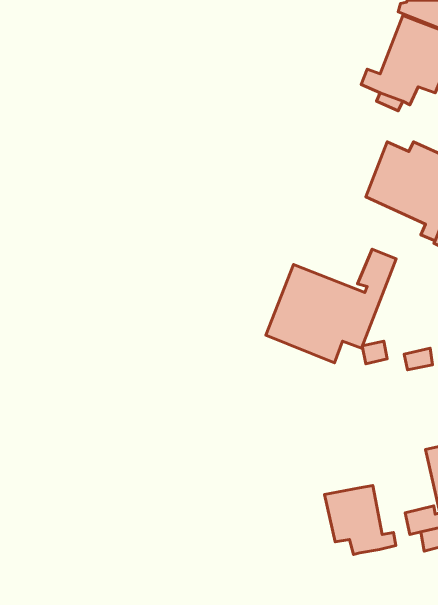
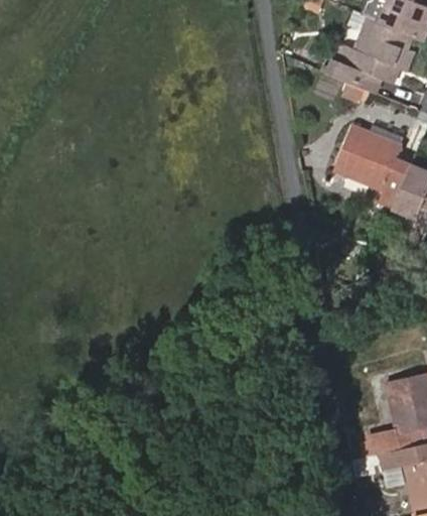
building: [266,249,396,363] -> none
building: [325,485,396,555] -> none

